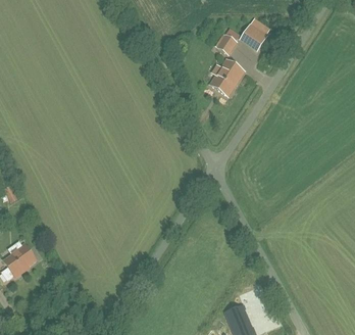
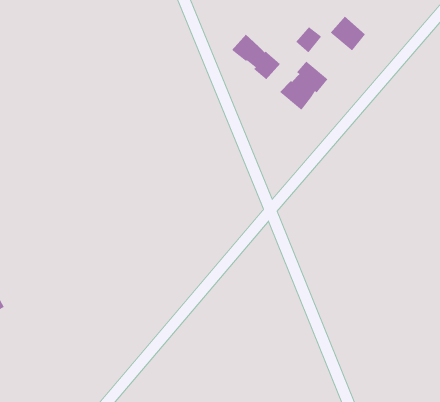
building: none -> [231,34,281,80]

